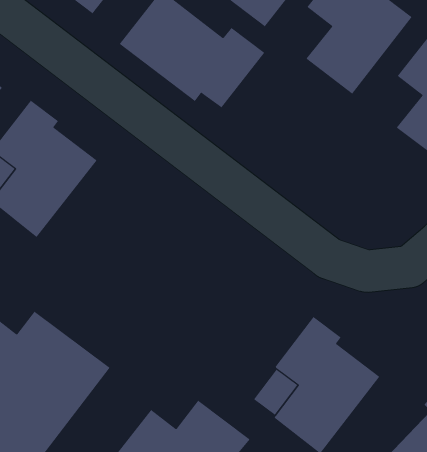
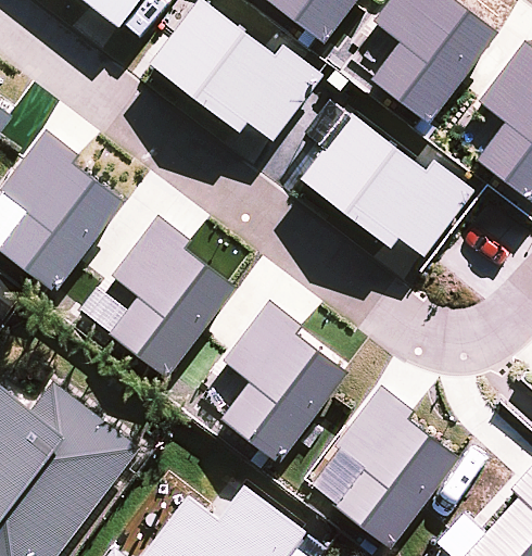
building: none -> [302,115,473,255]
building: none -> [110,215,236,378]
building: none -> [221,300,347,463]

